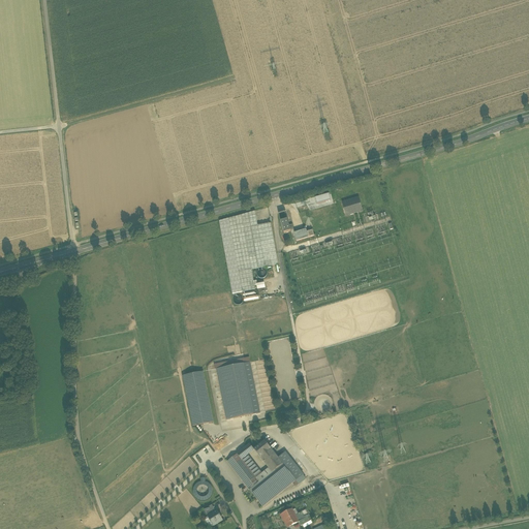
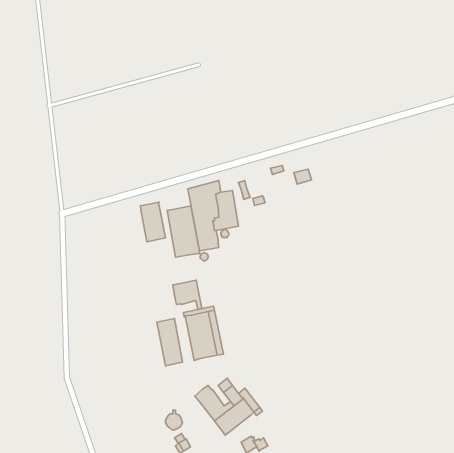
building: none -> [141,202,165,242]
building: none -> [167,206,200,257]
building: none -> [173,280,202,309]

